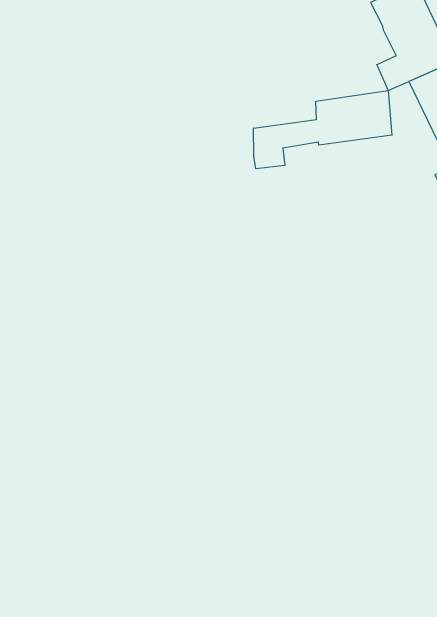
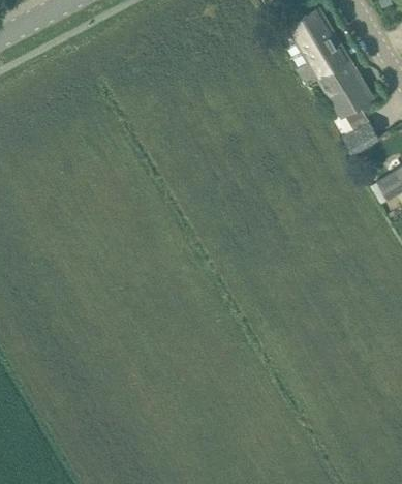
building: [253,90,392,169] -> none

